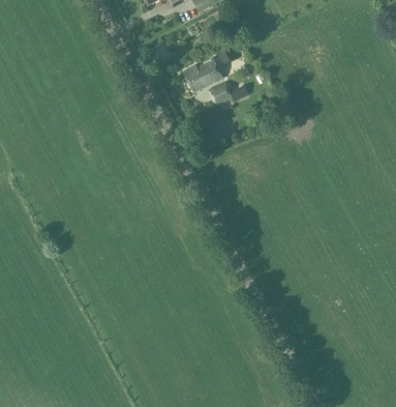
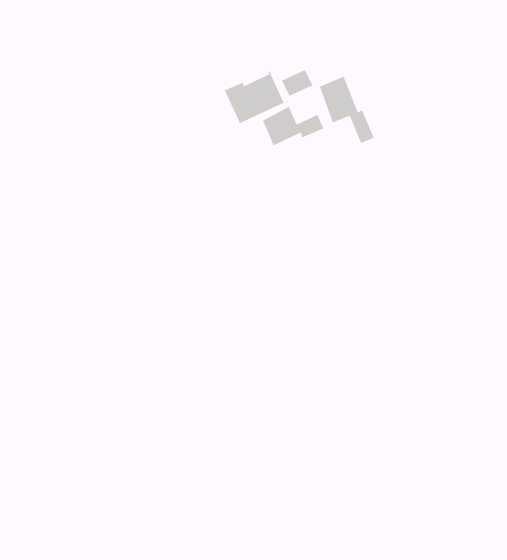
building: none -> [319,76,375,144]

